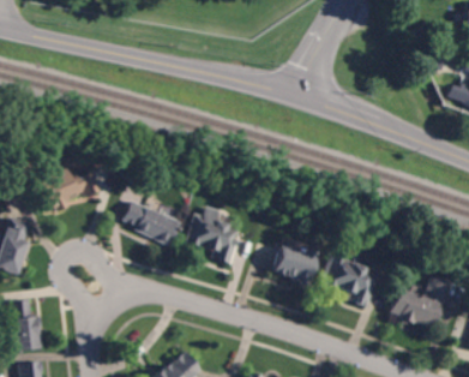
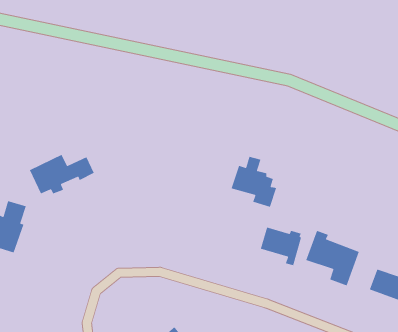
building: [122,199,180,245] -> none
building: [188,207,237,262] -> [231,156,277,208]
building: [7,299,43,352] -> none

